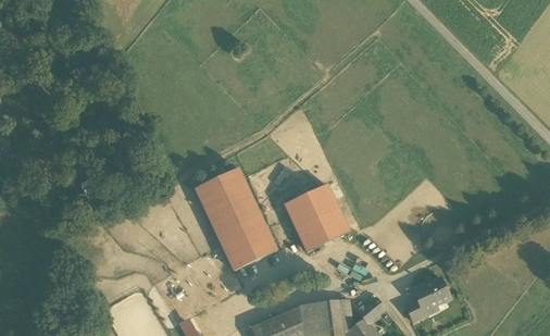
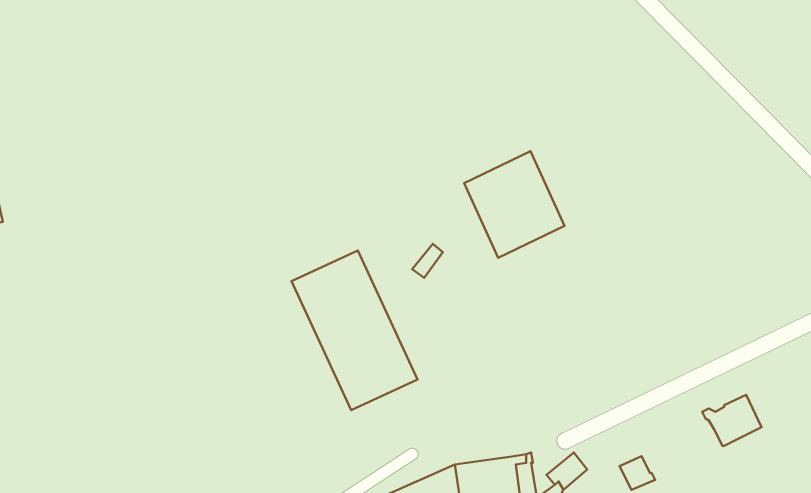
building: [285,184,349,252] -> [464,151,565,258]
building: [412,278,450,311] -> [702,395,761,446]

